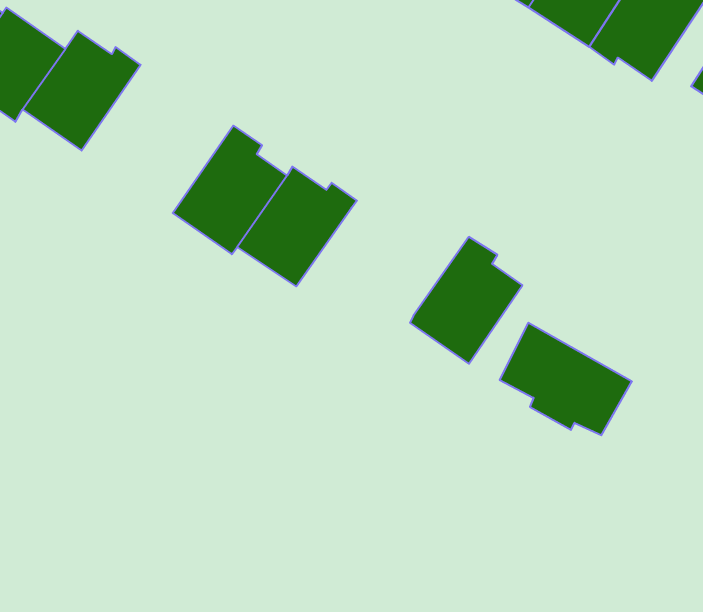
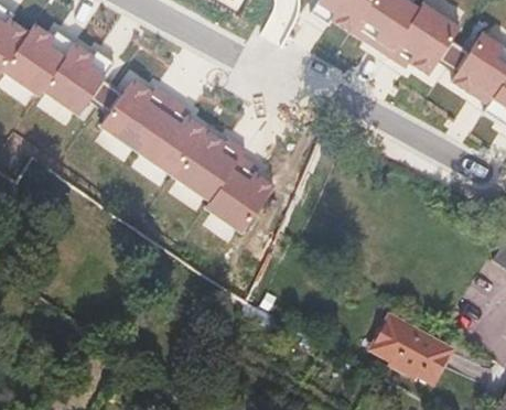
building: none -> [97,82,171,155]
building: [410,237,522,364] -> [207,152,277,230]
building: [500,323,632,435] -> [373,309,454,378]

